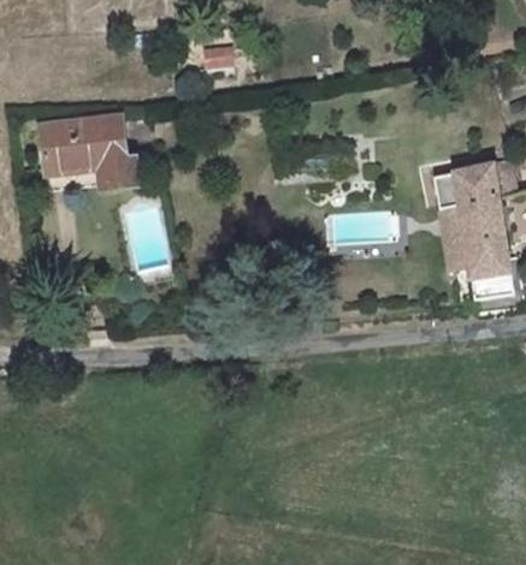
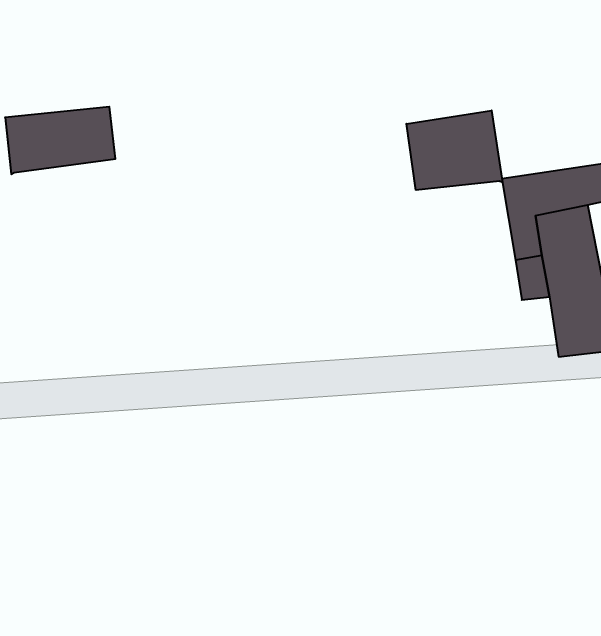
building: none -> [406,110,502,190]
building: [48,155,138,188] -> none

